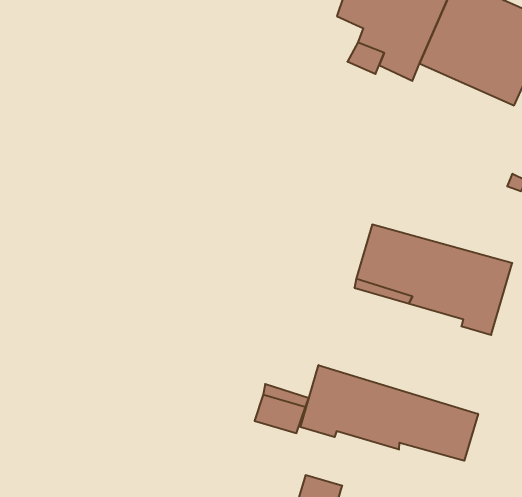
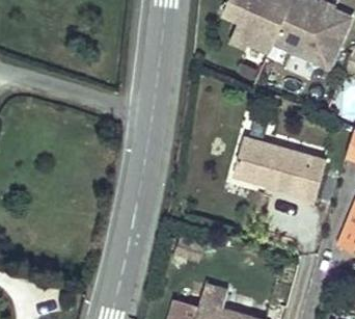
building: [300,365,478,461] -> none

